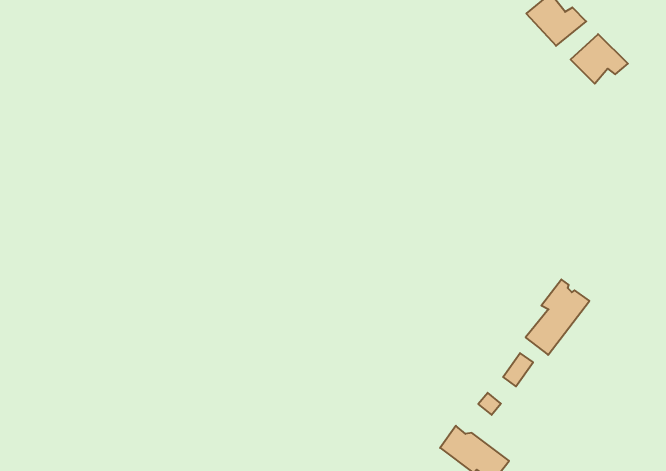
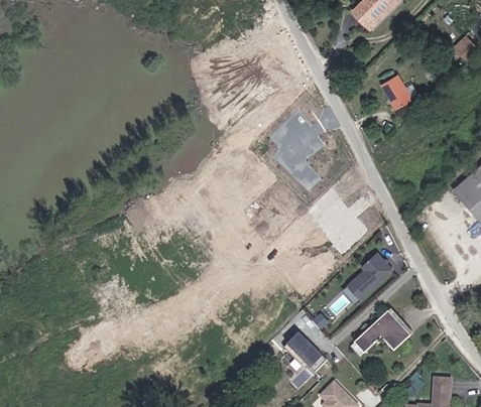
building: [571,34,628,84] -> none
building: none -> [355,311,409,353]

